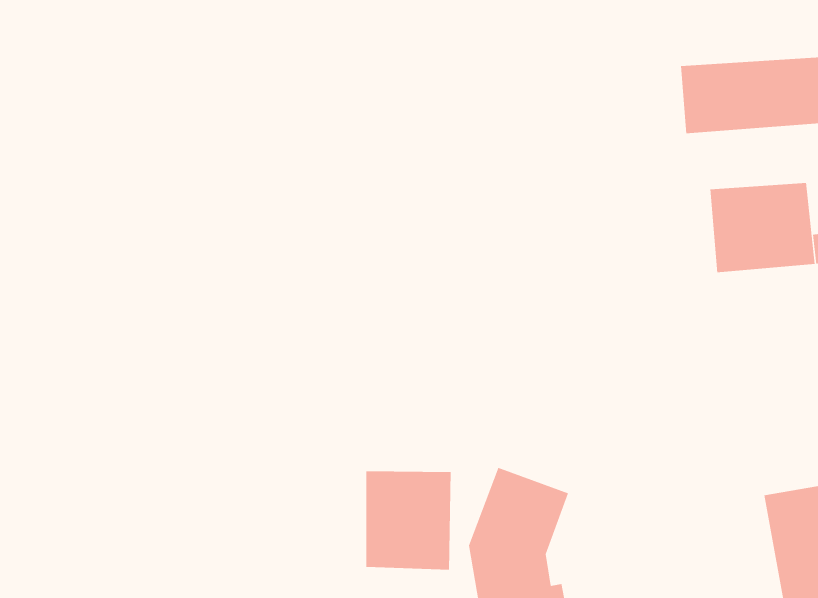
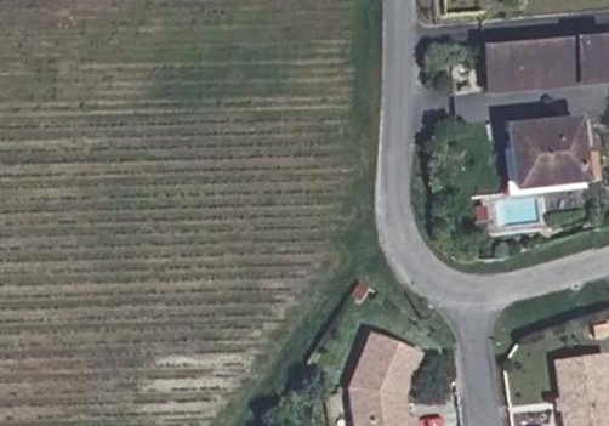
building: [366,470,451,571] -> none

